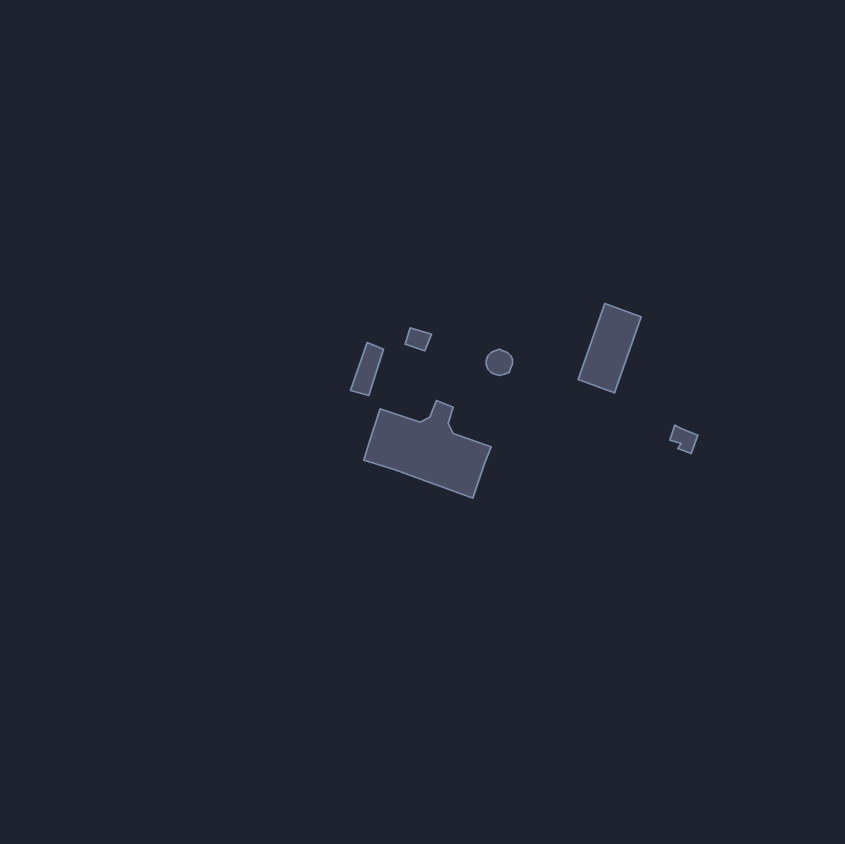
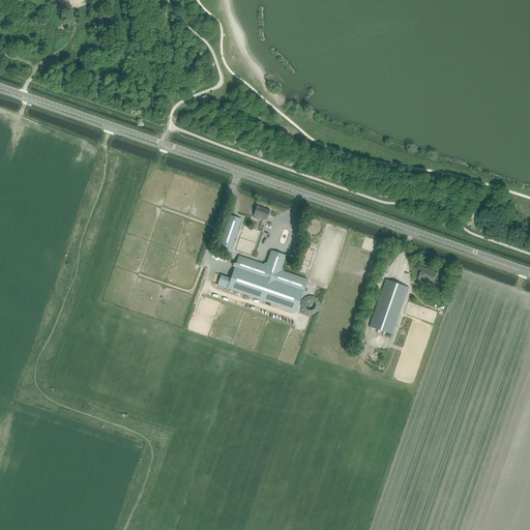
building: [578,303,641,393] -> [370,278,409,334]

